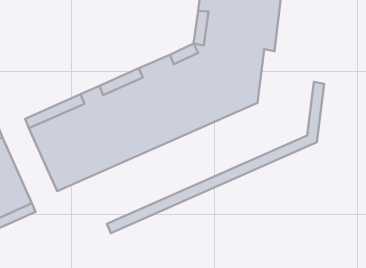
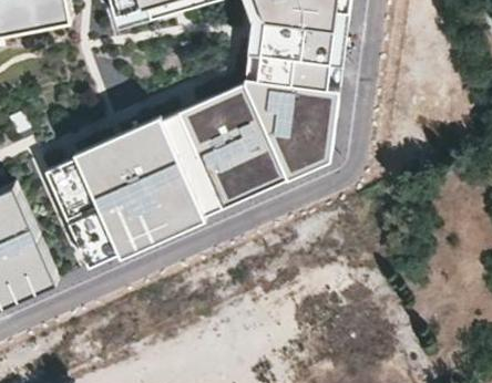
building: [107,82,324,233] -> [81,87,337,266]

